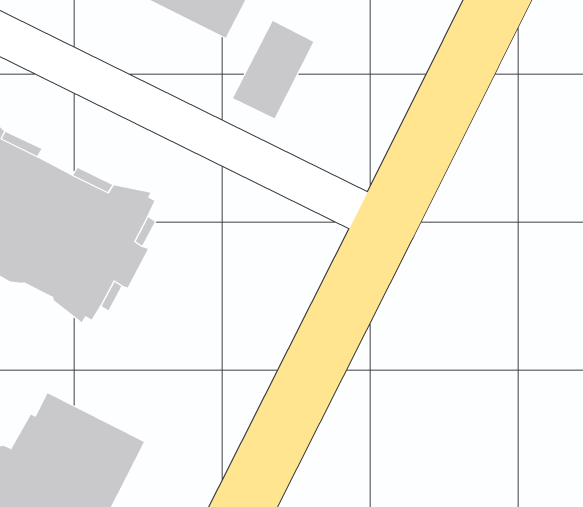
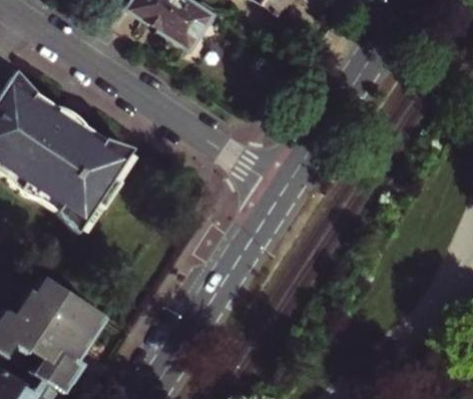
building: [232,20,314,119] -> none

